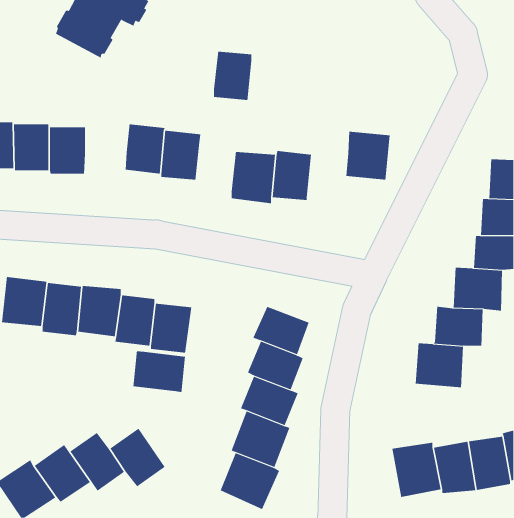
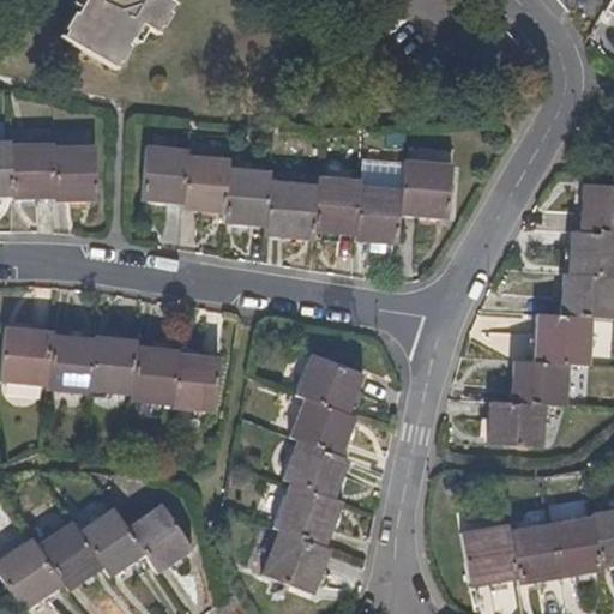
building: [213,51,252,100] -> [230,167,276,224]
building: none -> [361,176,408,235]
building: [133,350,185,393] -> none

